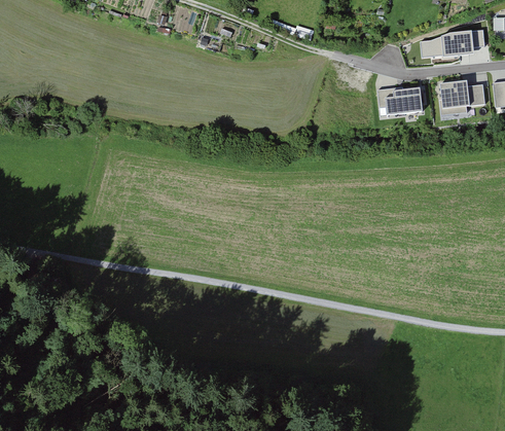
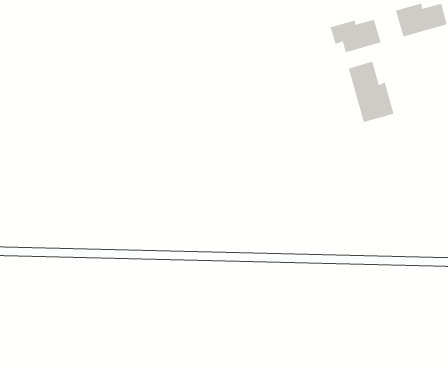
building: none -> [348,61,394,123]

